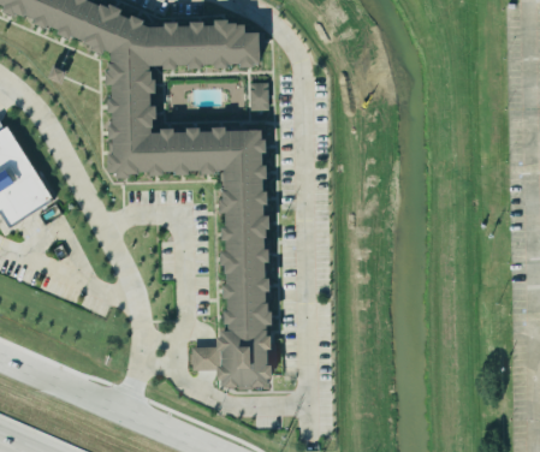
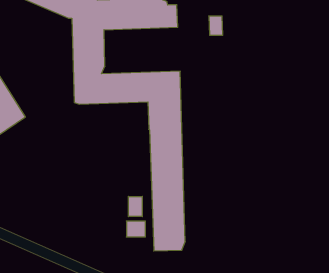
building: [248,82,268,109] -> [209,16,223,35]
building: none -> [128,196,142,217]

